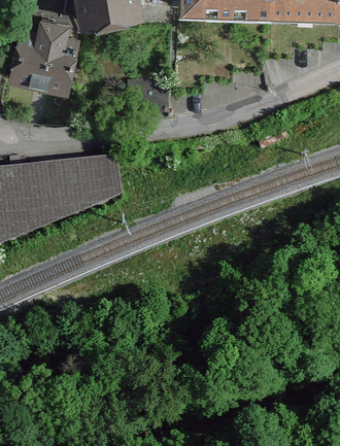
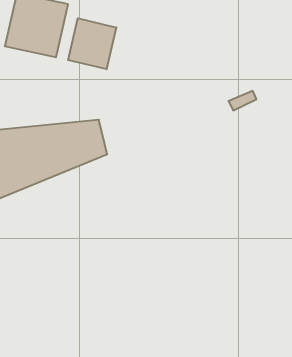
building: none -> [68,18,116,69]

